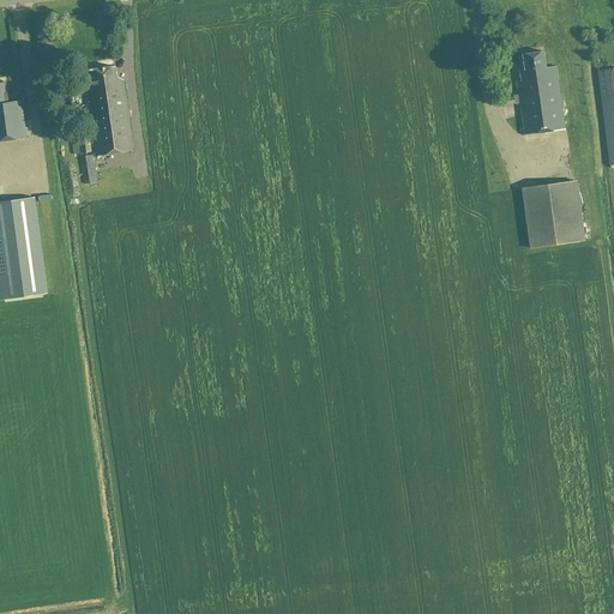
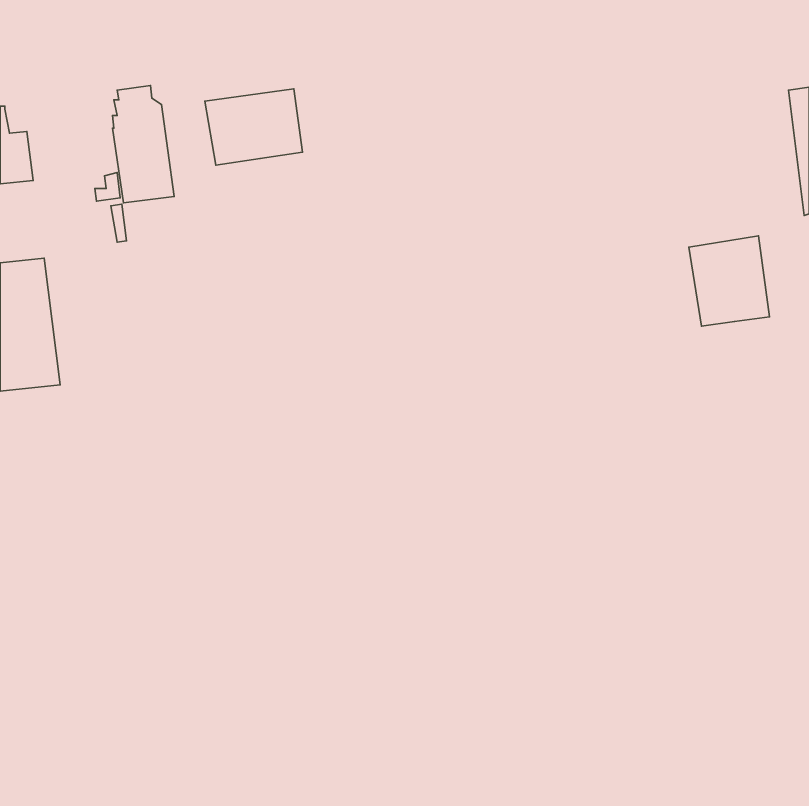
building: [517,49,565,133] -> none
building: none -> [205,89,303,165]

